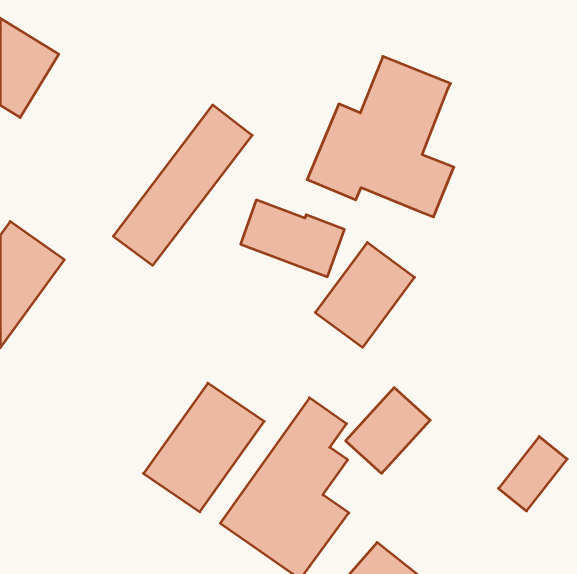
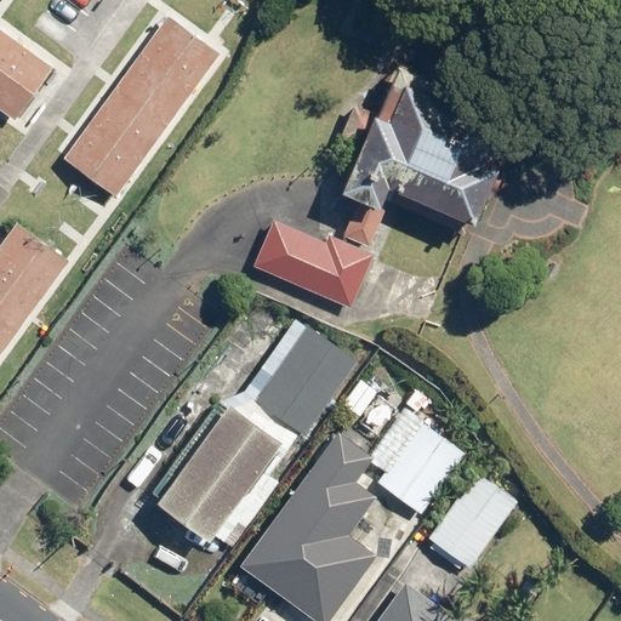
building: [113,105,252,265] -> [61,16,210,188]
building: [315,242,415,347] -> [246,330,353,443]
building: [498,436,567,511] -> [431,484,505,564]

